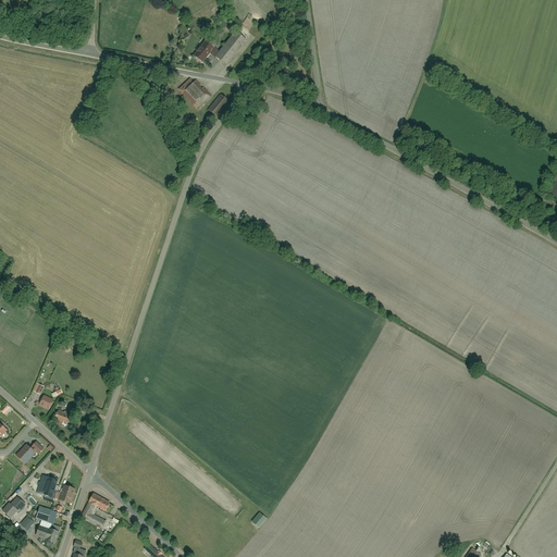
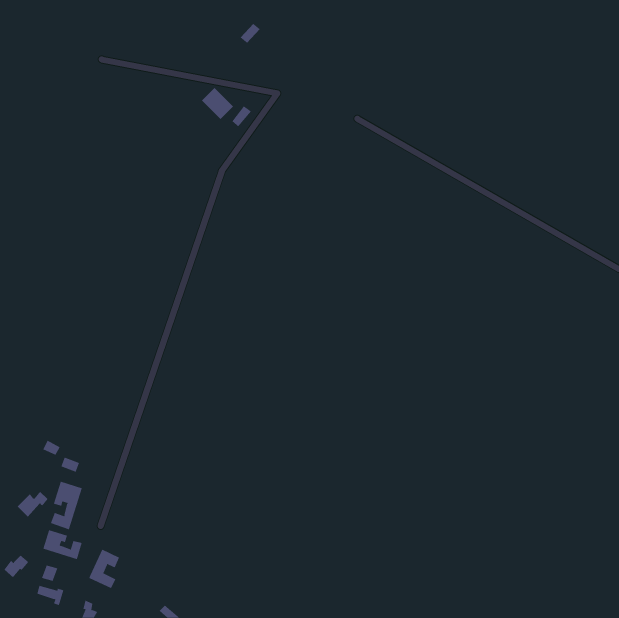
building: [191,32,247,66] -> none
building: none -> [50,481,83,530]

